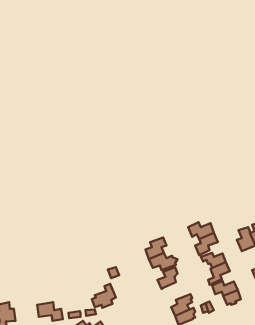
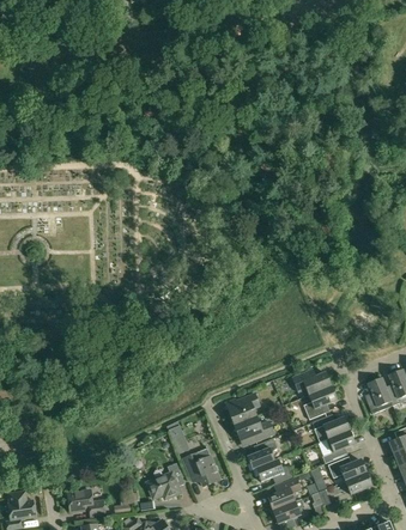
building: none -> [183,447,220,486]
building: none -> [255,458,292,482]

